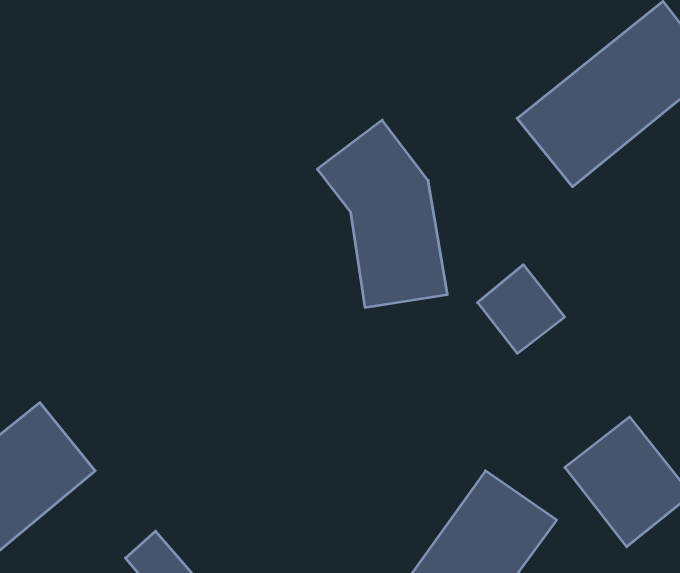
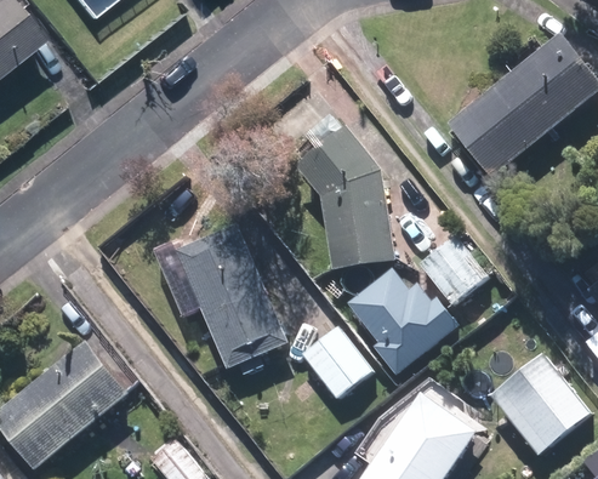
building: none -> [177,224,285,366]
building: none -> [348,268,460,376]
building: none -> [301,325,371,398]

